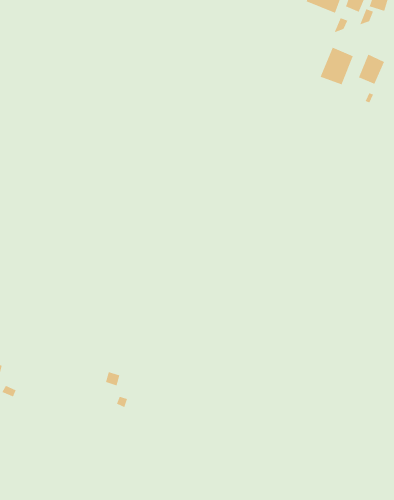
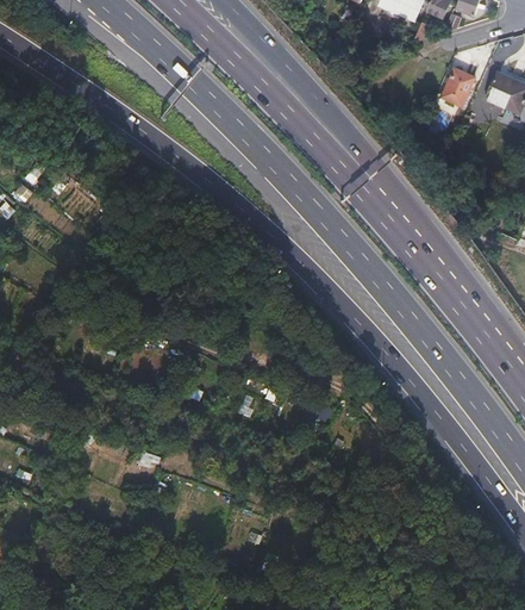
building: [320,47,353,85] -> none

